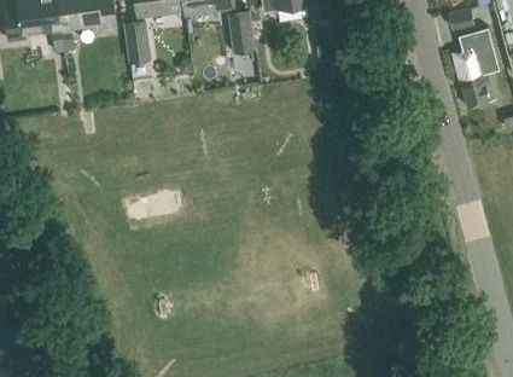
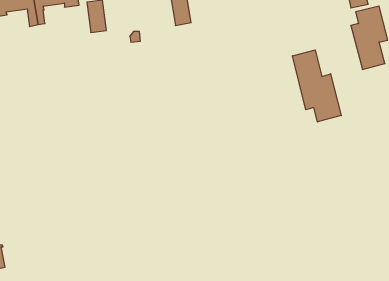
building: none -> [292,50,341,122]

